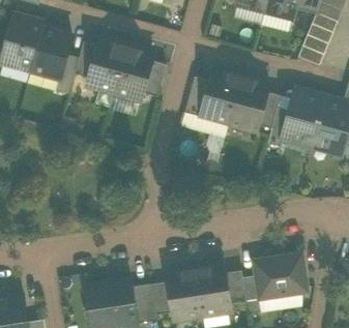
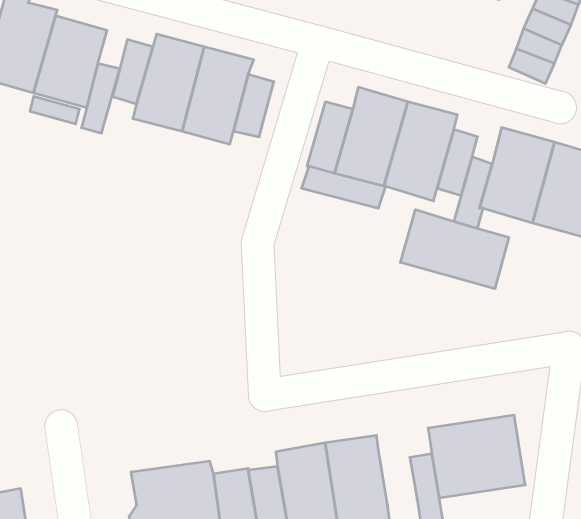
building: none -> [400,210,509,289]
building: [225,271,246,304] -> none

